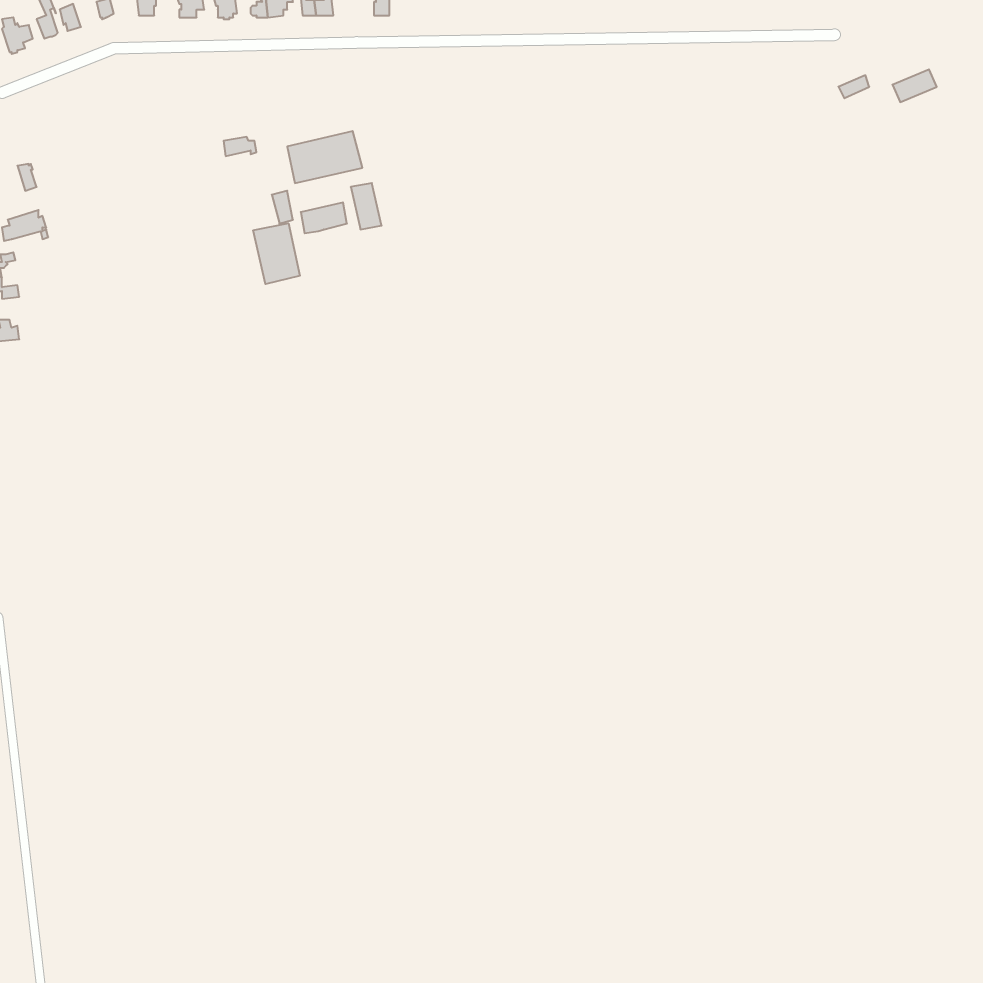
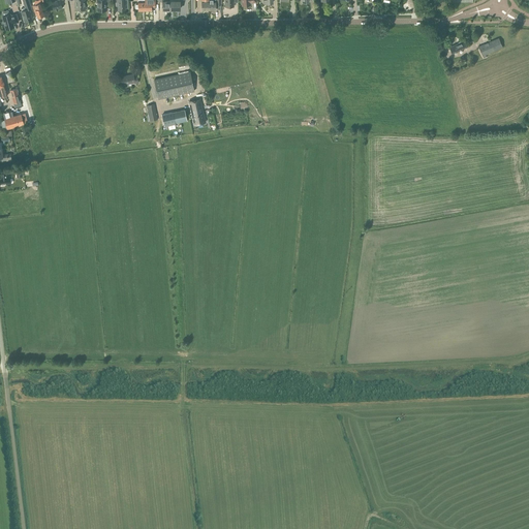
building: [253,223,300,284] -> none

